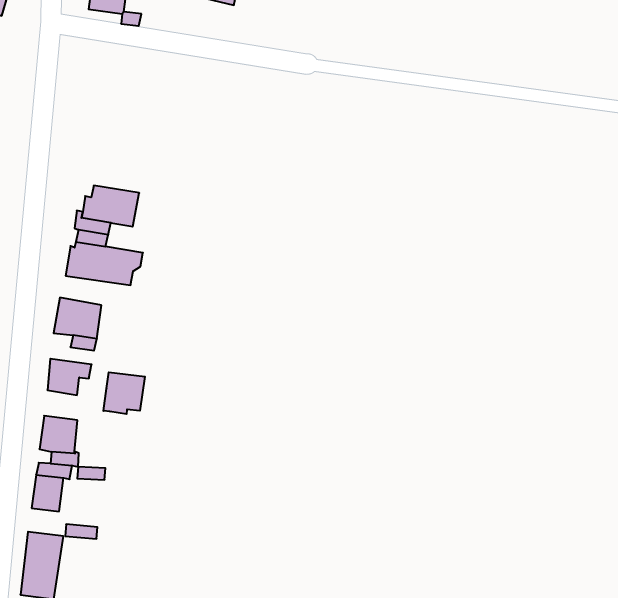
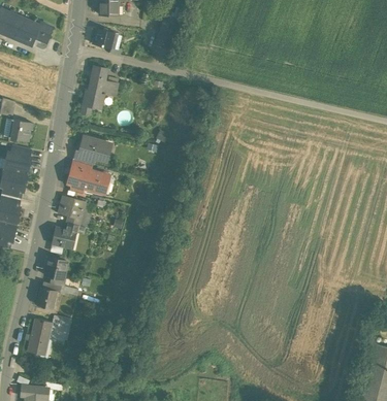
building: none -> [82,66,118,112]
building: [103,372,145,414] -> none

